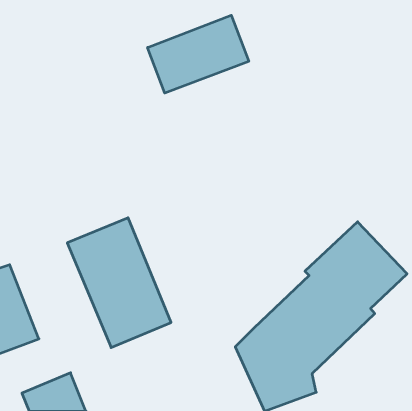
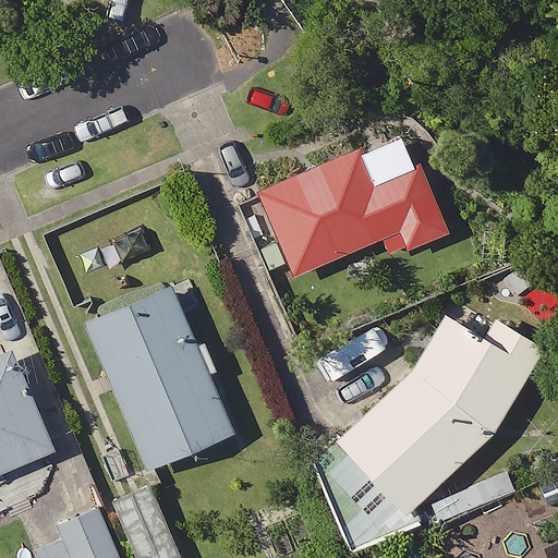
building: [148,15,249,93] -> none
building: none -> [260,153,449,275]

